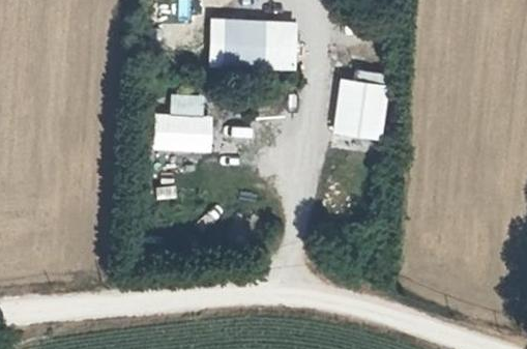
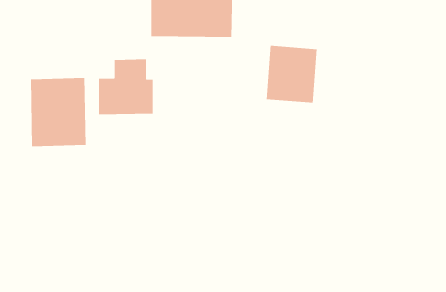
building: none -> [30,77,86,147]

